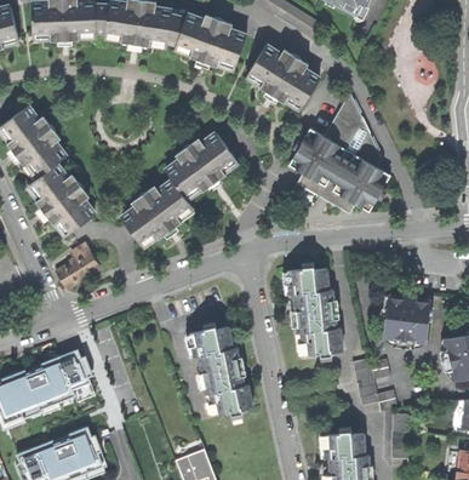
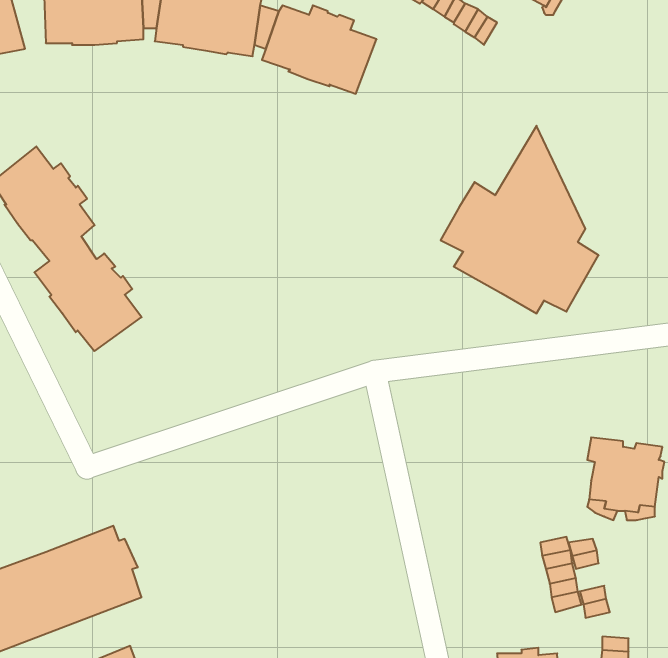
building: [247,46,320,110] -> none
building: [120,132,238,248] -> none
building: [56,242,99,288] -> none
building: [288,264,343,355] -> none
building: [190,325,253,416] -> none

